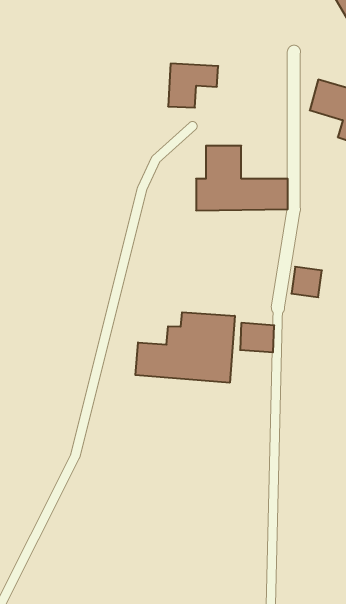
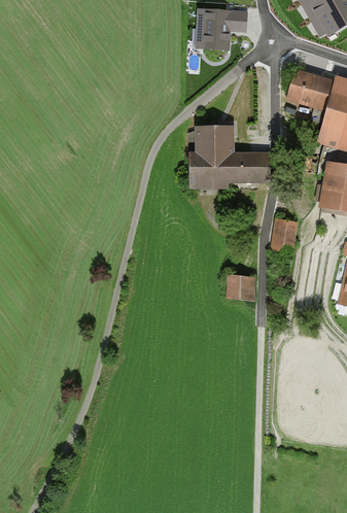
building: [168,64,218,108] -> [202,11,244,48]
building: [135,312,235,383] -> none

